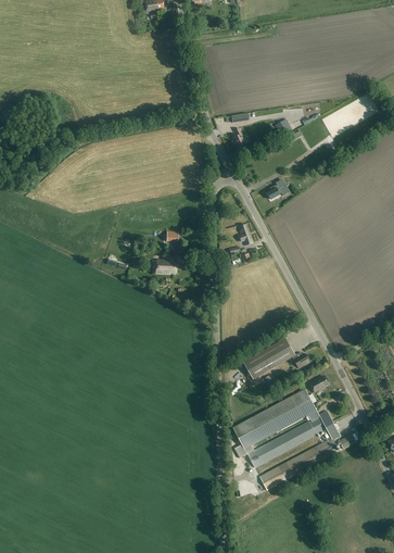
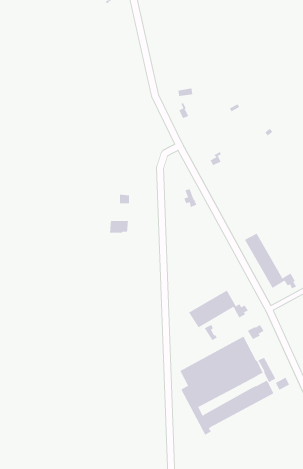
building: none -> [244,233,297,289]

